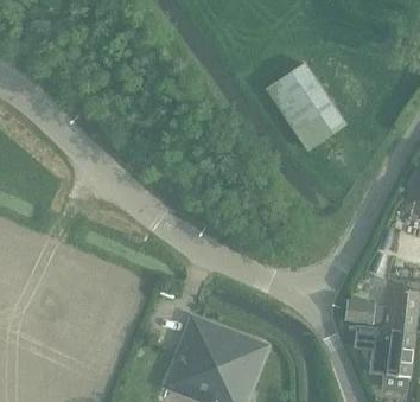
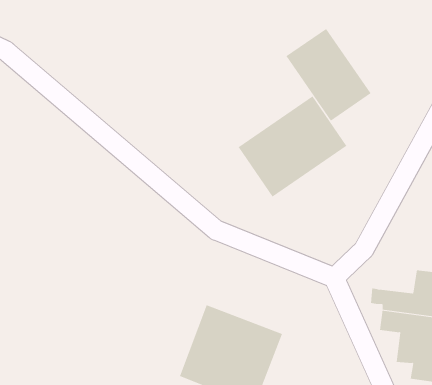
building: none -> [238,96,347,197]

